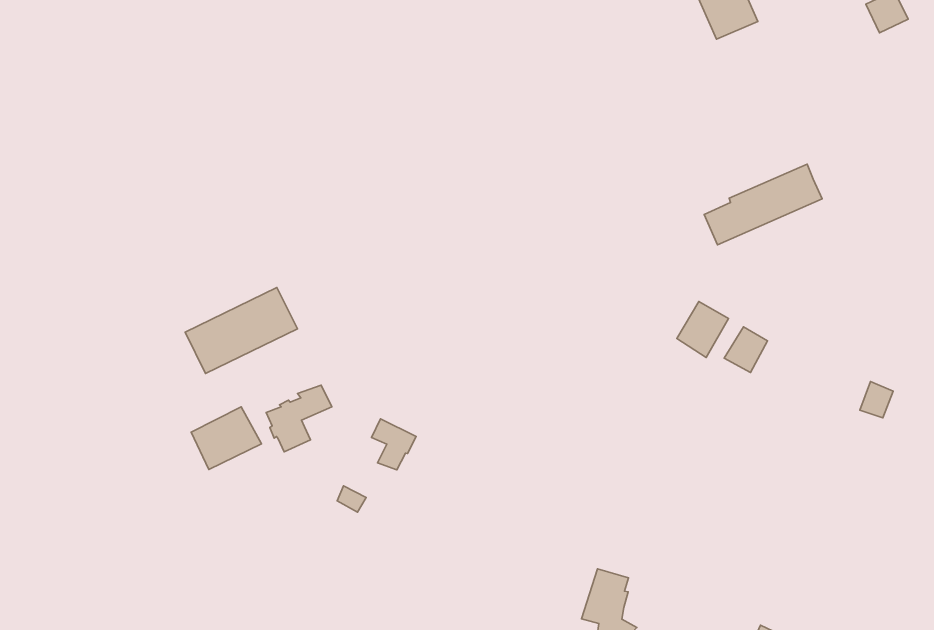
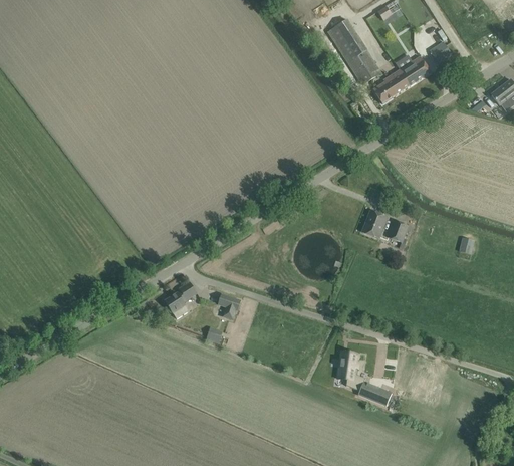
building: [704,164,822,245] -> [373,56,431,103]
building: [185,287,297,373] -> none
building: [191,407,262,469] -> none

